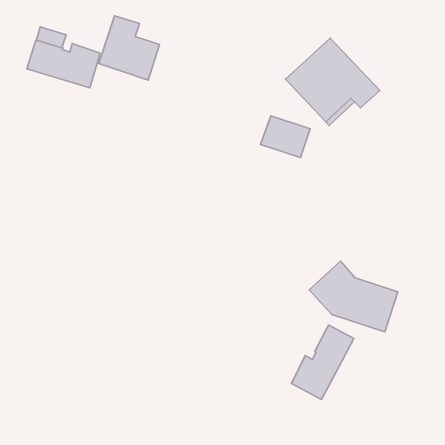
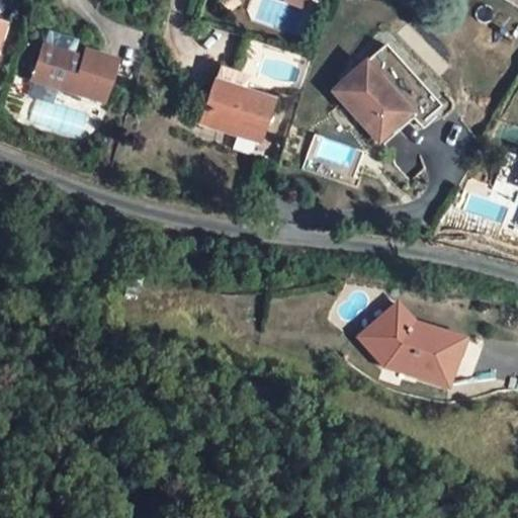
building: [99,16,160,80] -> [201,68,272,143]
building: [291,325,354,400] -> none

